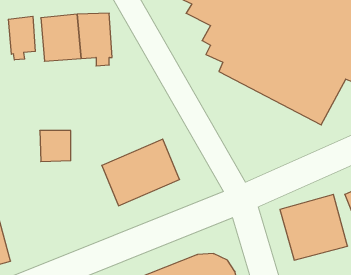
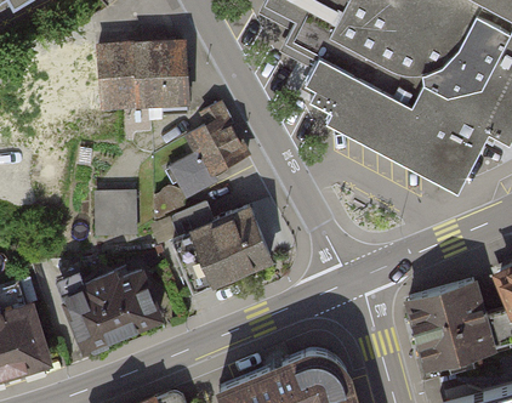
building: [8,16,35,60] -> none
building: none -> [172,120,250,203]
building: none -> [67,265,166,351]

